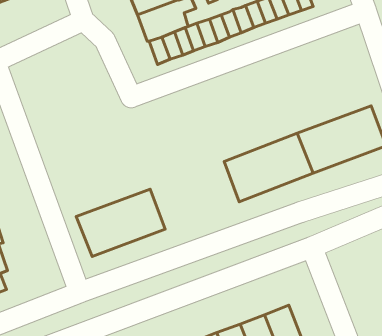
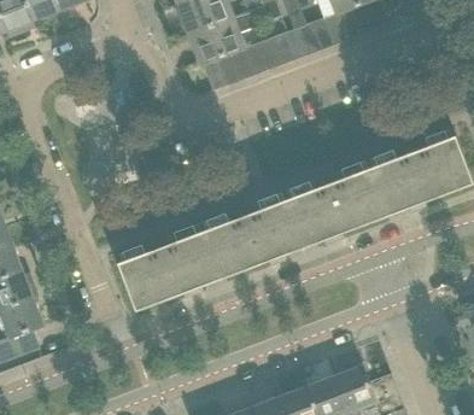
building: none -> [201,201,303,279]

